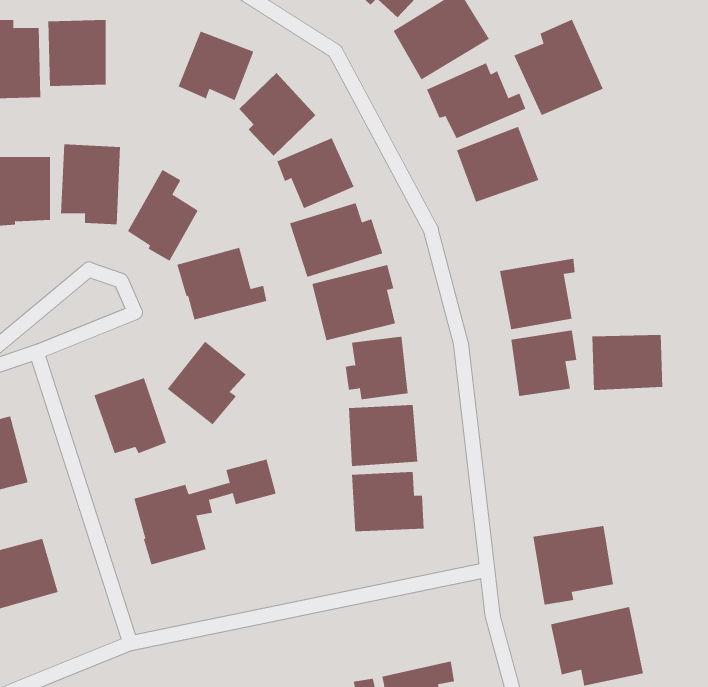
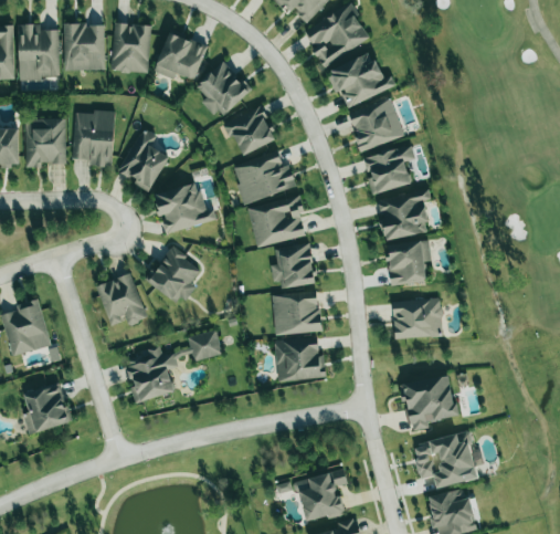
building: none -> [112,23,151,73]
building: [513,19,603,116] -> none
building: none -> [363,145,415,195]
building: [592,335,663,390] -> [393,300,443,338]

